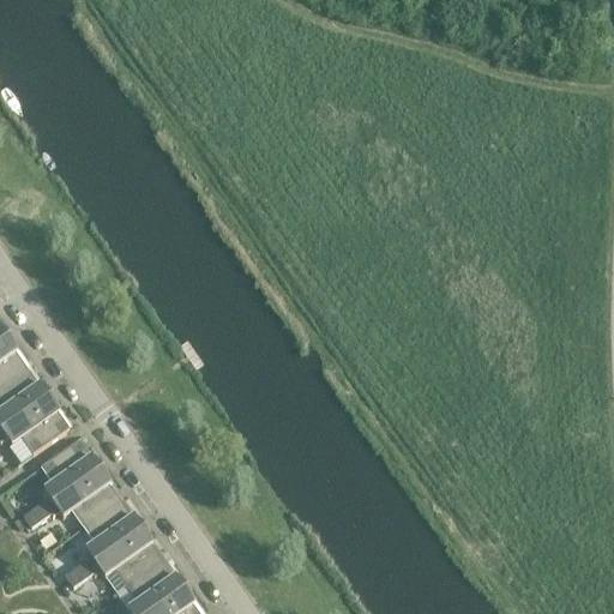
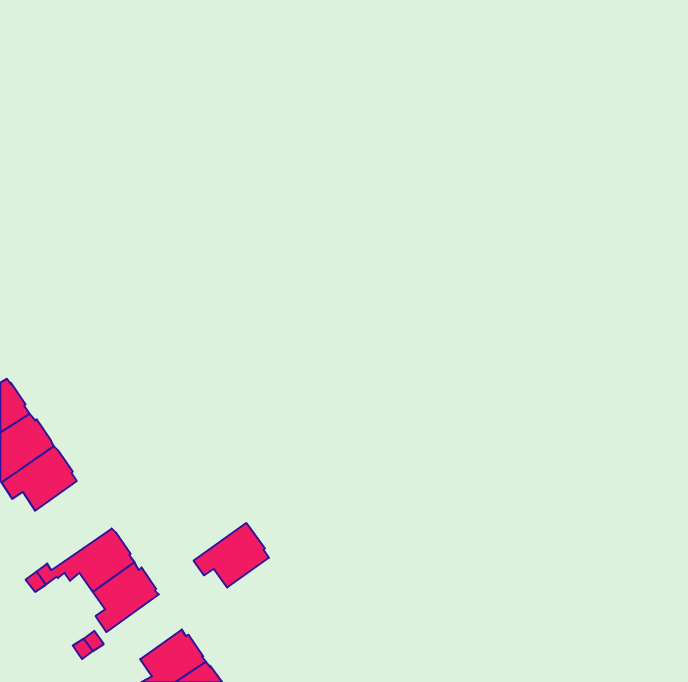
building: [40,440,100,502] -> none
building: [95,529,162,586] -> [194,523,269,588]

